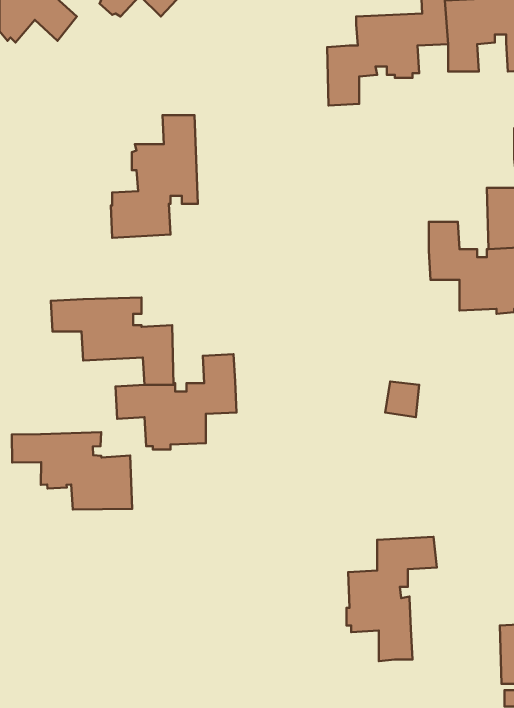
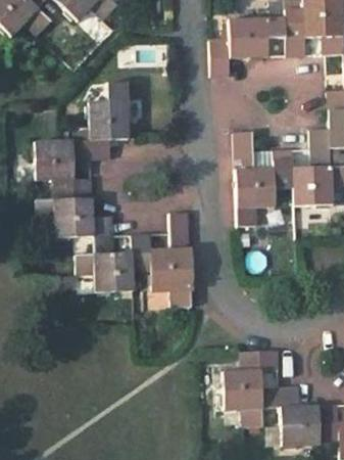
building: none -> [235,131,279,225]
building: none -> [33,139,93,198]
building: none -> [150,212,193,307]
building: [12,432,132,510] -> none
building: none -> [262,386,321,448]

